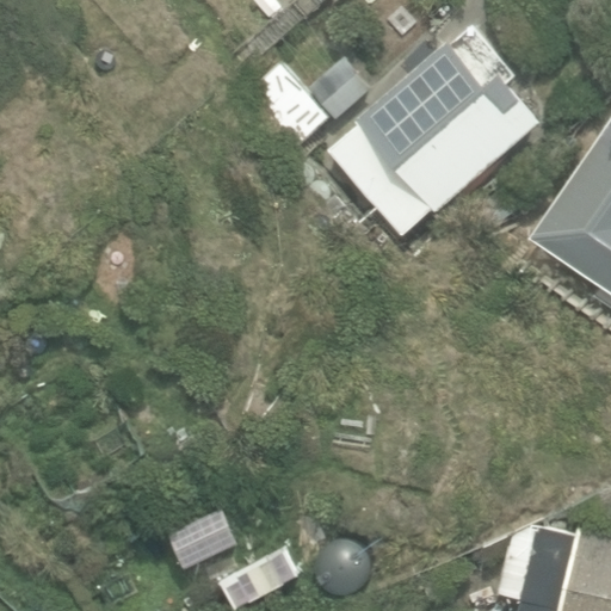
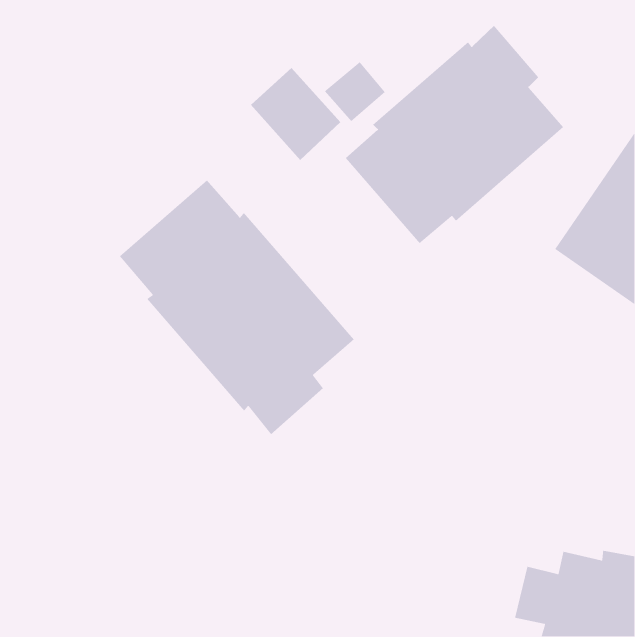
building: none -> [119,180,355,435]

